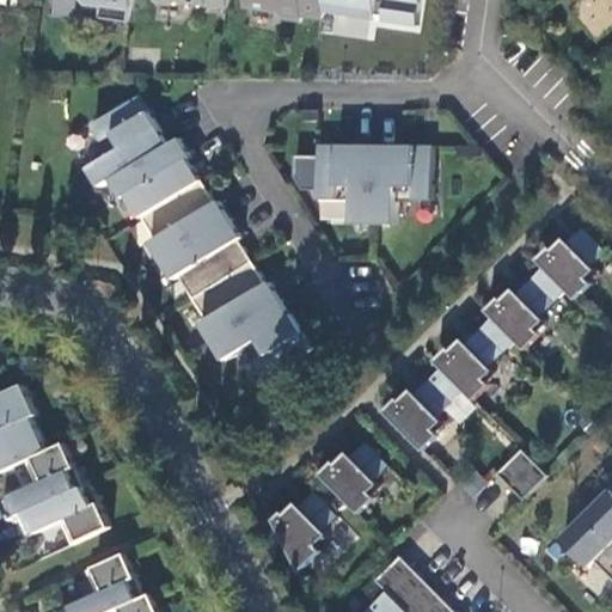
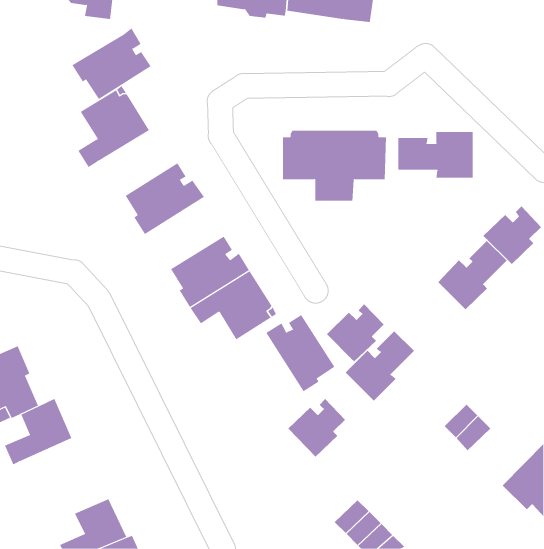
building: [109,137,197,218] -> [72,28,151,100]
building: none -> [398,131,473,178]
building: [160,219,249,299] -> none
building: [434,329,498,394] -> [326,303,384,362]
building: none -> [265,314,335,392]
building: [22,483,106,545] -> none
building: [271,492,333,565] -> none

